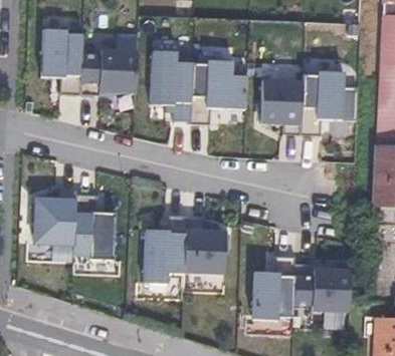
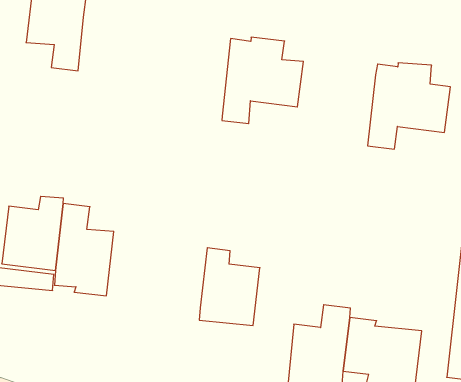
building: [80,48,137,94] -> none
building: [150,50,192,119] -> none
building: [260,78,302,133] -> none
building: [144,214,186,272] -> none

